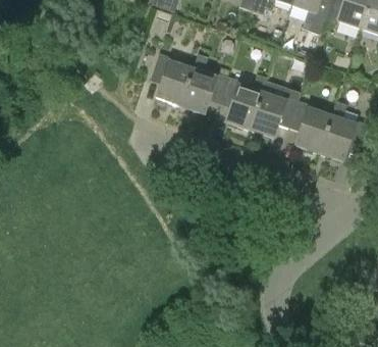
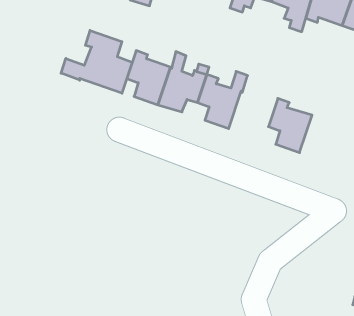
building: none -> [61,30,132,93]
building: [250,93,298,137] -> none
building: [319,101,367,160] -> none

